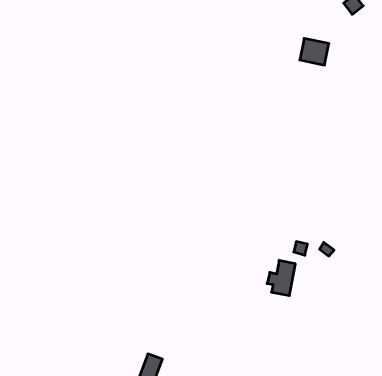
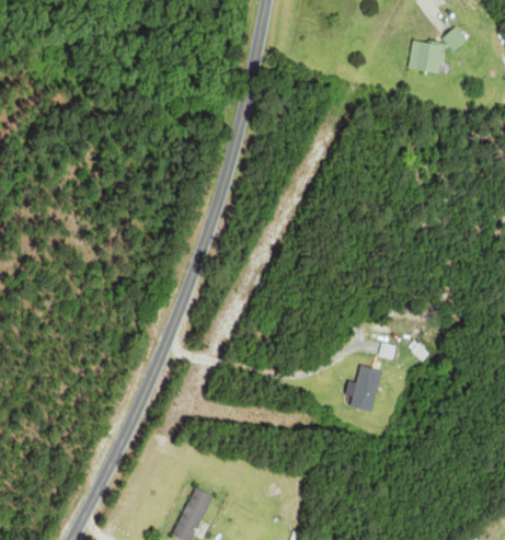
building: [300,38,329,65] -> [408,41,445,74]

